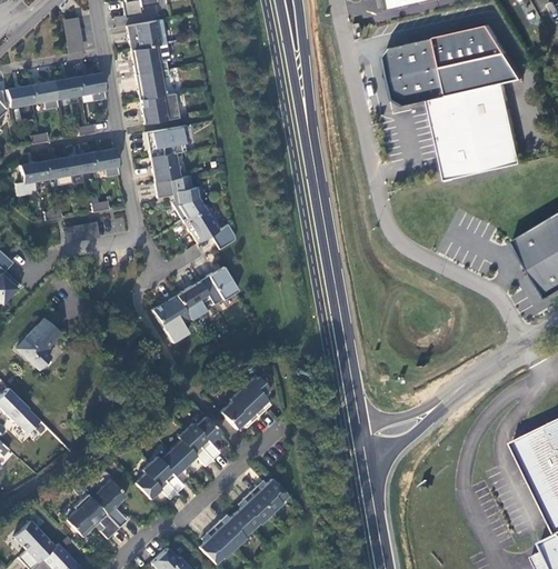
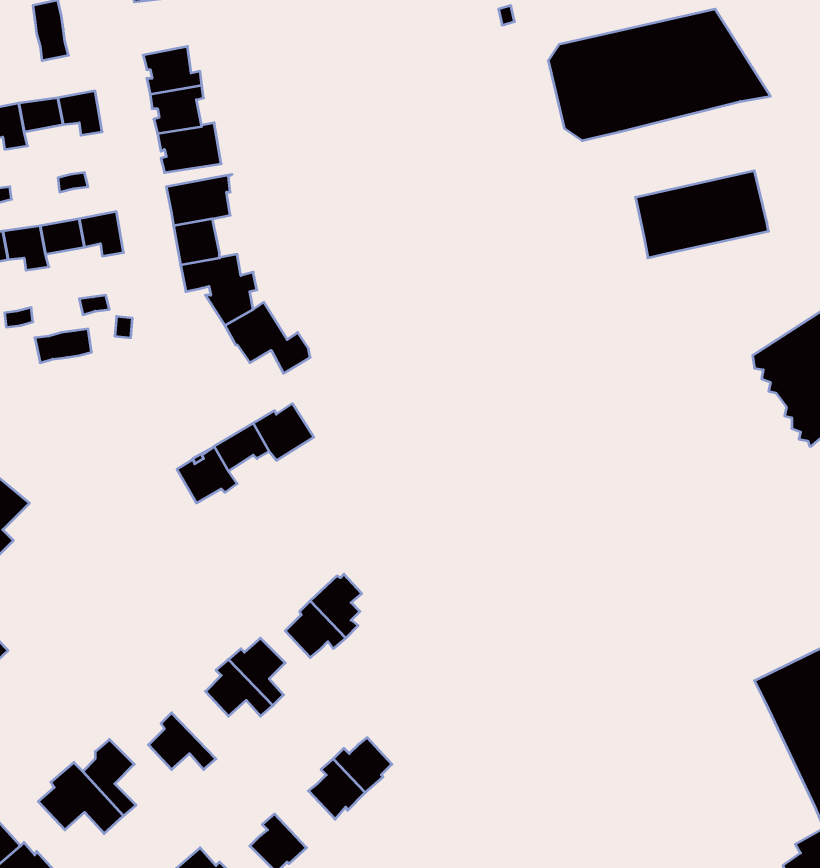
building: [127,21,160,51] -> none
building: [429,80,514,140] -> none
building: [149,449,185,491] -> none
building: [213,511,251,547] -> none

